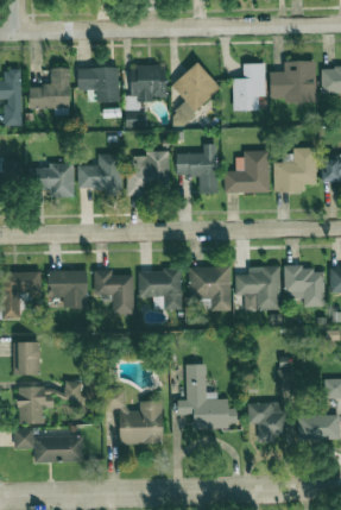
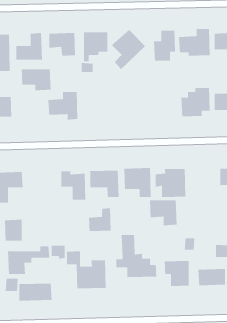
building: [176,143,217,191] -> none
building: [127,151,169,193] -> none
building: [223,152,269,193] -> none
building: [29,164,74,197] -> [21,68,51,91]
building: [283,267,324,307] -> [149,199,177,226]
building: [46,270,87,306] -> none
building: none -> [88,208,112,232]

